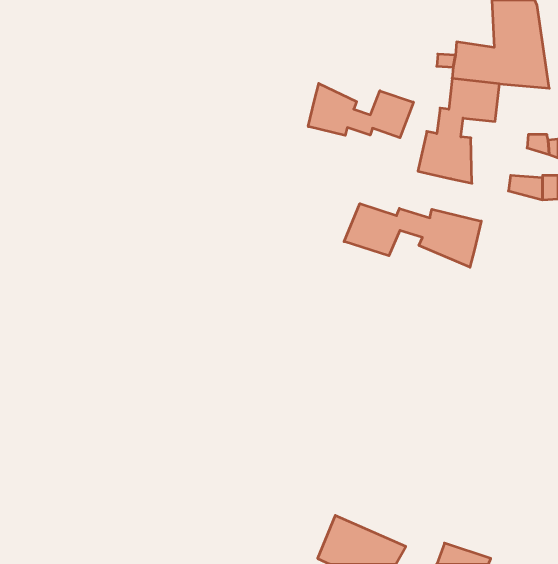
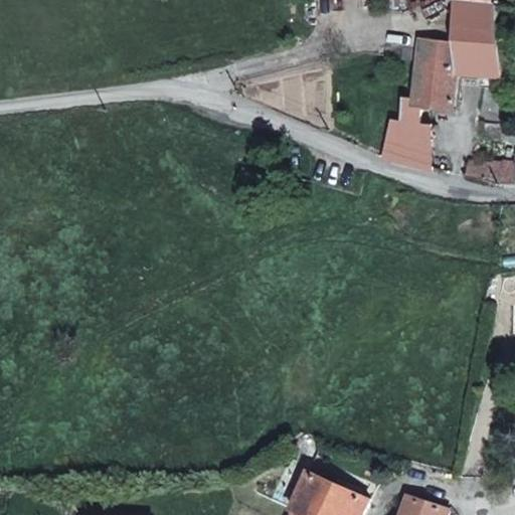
building: [308,83,413,138] -> none
building: [344,204,481,267] -> none

